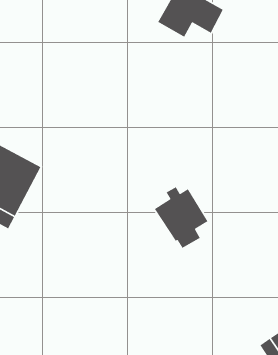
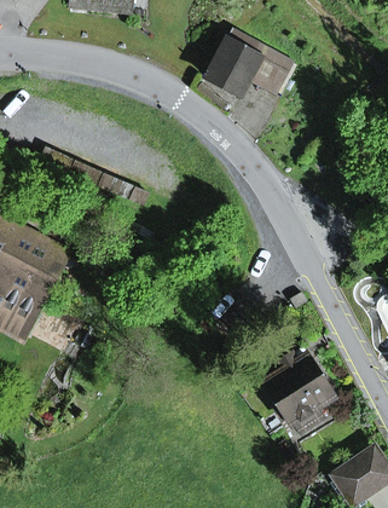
building: [154,186,209,249] -> [265,353,332,431]

